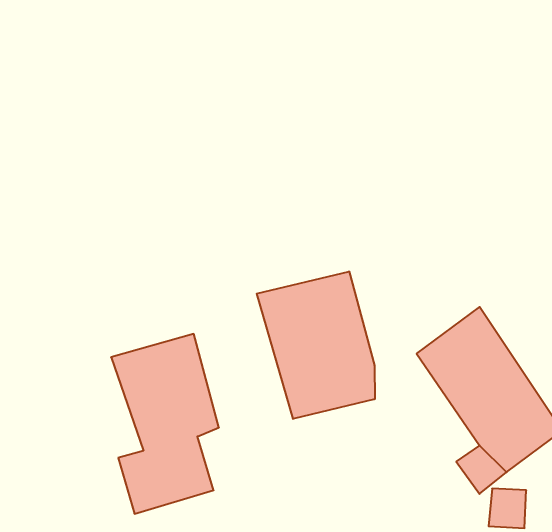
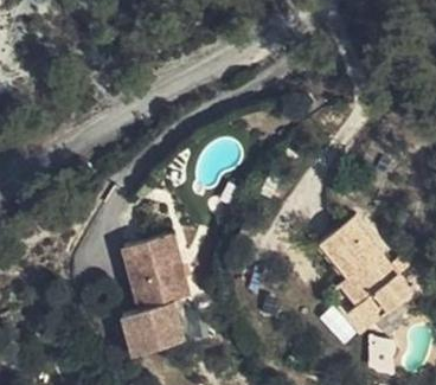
building: [257,271,375,419] -> none

